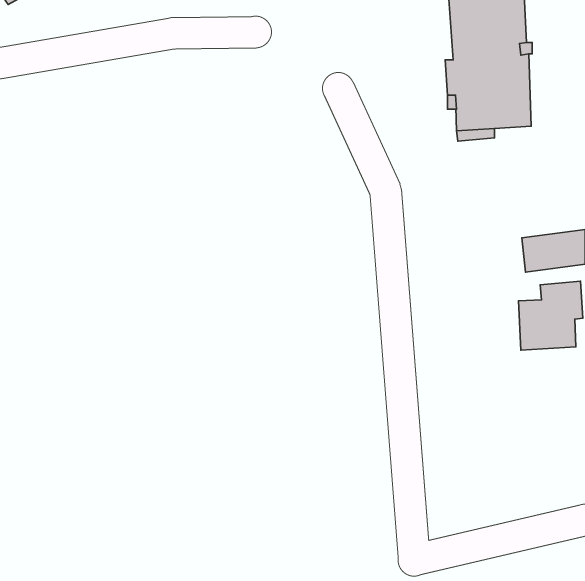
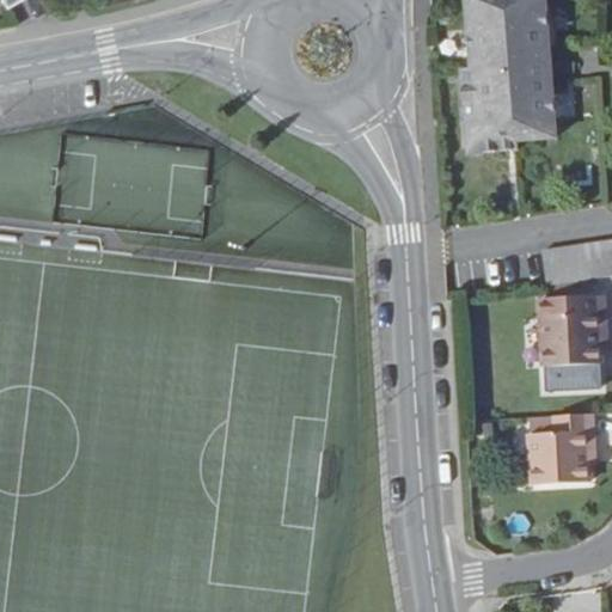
building: none -> [543,361,601,388]
building: none -> [530,412,595,482]

